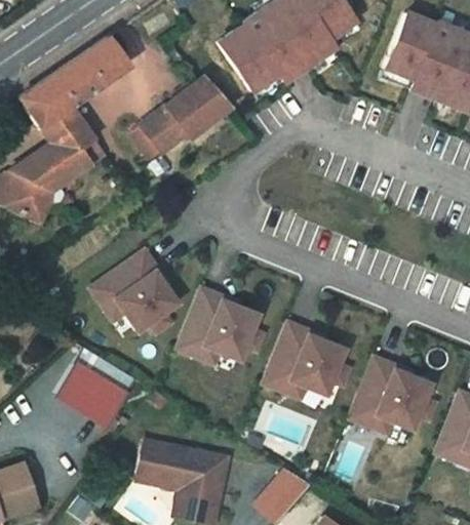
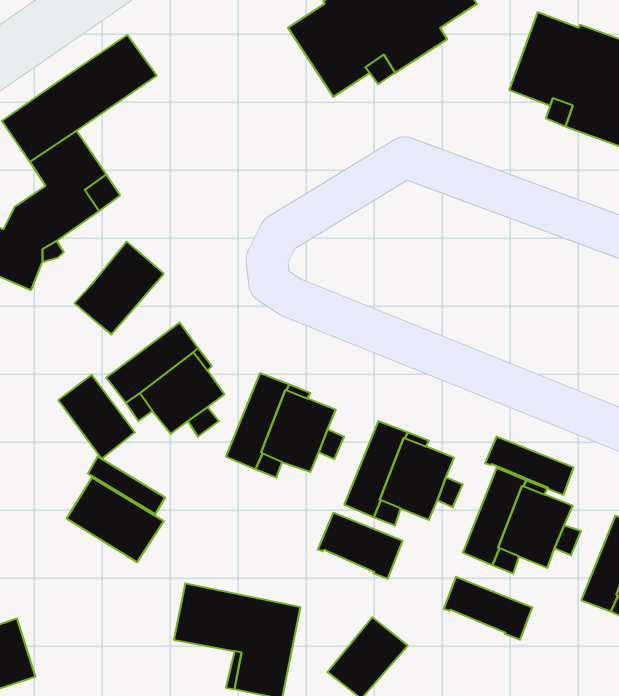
building: [145,78,236,160] -> none
building: none -> [74,242,164,335]
building: none -> [58,375,135,459]
building: none -> [485,436,574,495]
building: none -> [318,513,403,579]
building: none -> [444,577,532,640]

